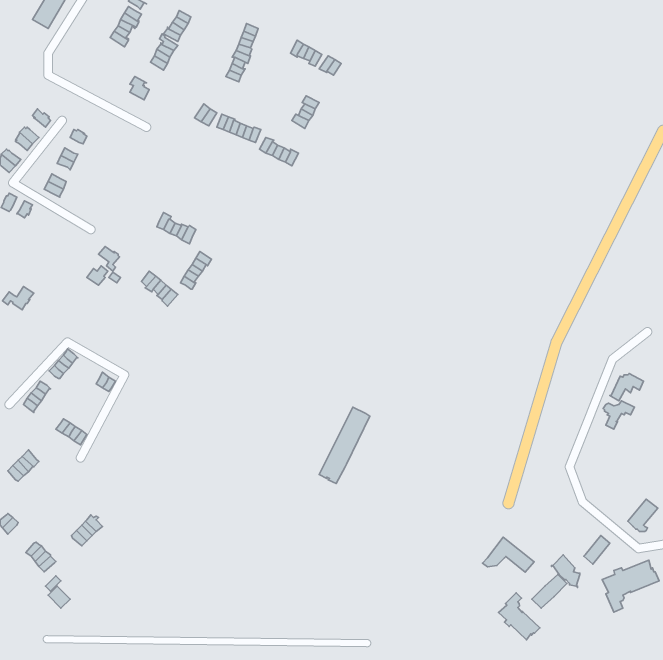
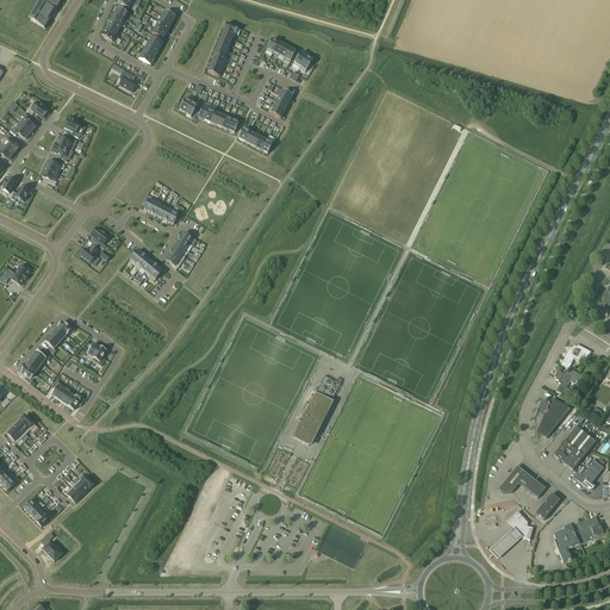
building: none -> [535,398,569,436]
building: none -> [554,425,596,469]
building: [482,537,534,572] -> [498,465,546,497]
building: [499,593,540,640] -> none

